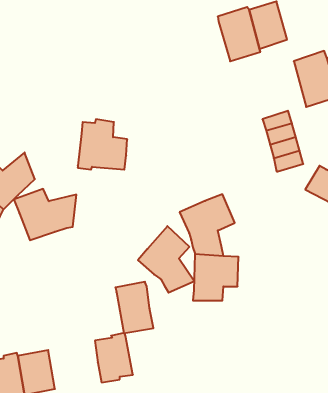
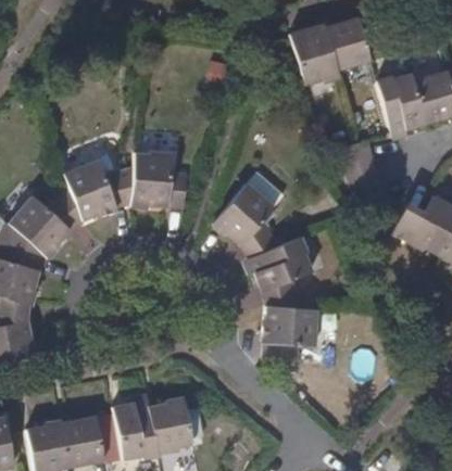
building: [14,189,76,240] -> [64,162,136,220]
building: [138,226,194,293] -> [213,182,277,258]
building: [115,282,153,333] -> [115,399,159,458]

